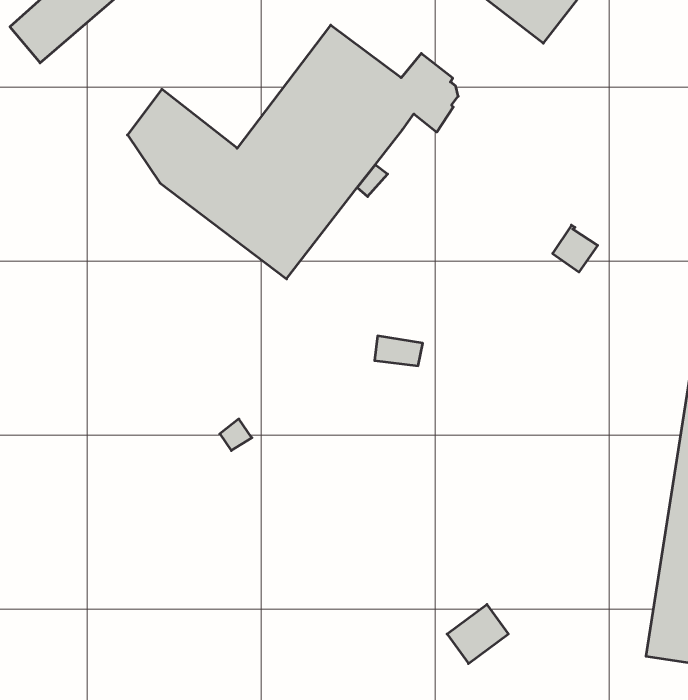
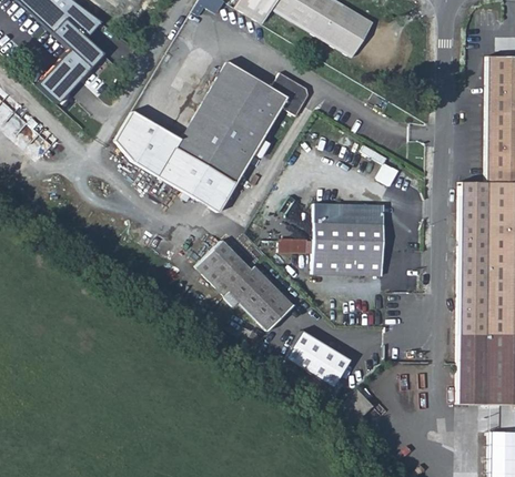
building: none -> [313,204,383,274]
building: none -> [195,239,291,329]
building: none -> [290,332,355,388]

